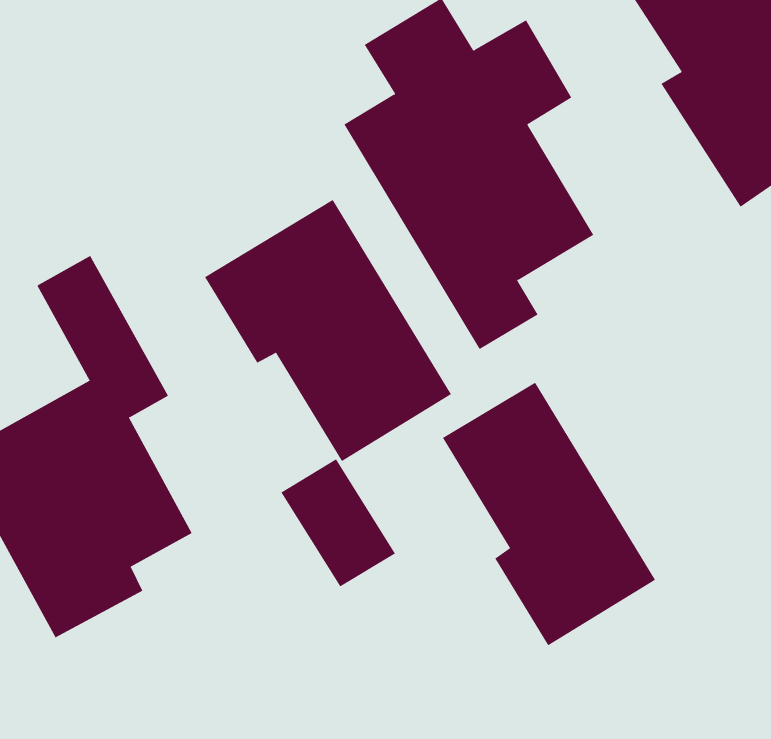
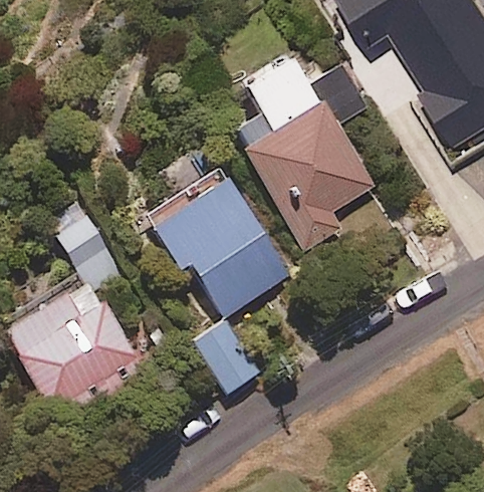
building: [442,382,656,646] -> none

